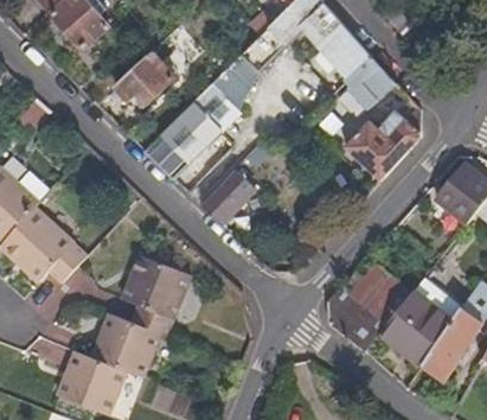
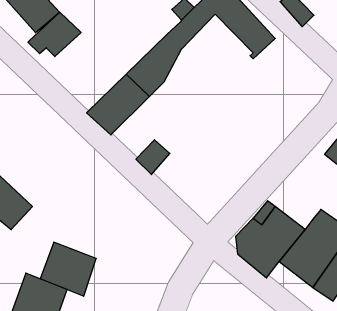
building: [111,49,177,103] -> [28,12,81,57]
building: [348,58,397,109] -> none
building: [344,106,422,182] -> none
building: [118,250,186,331] -> none

